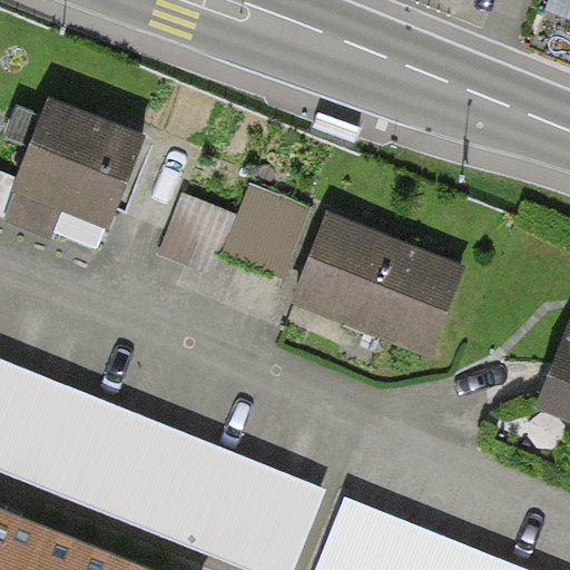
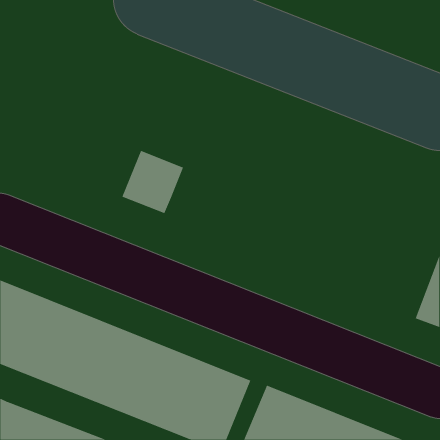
building: [4,100,147,240] -> none
building: [222,183,311,278] -> none
building: [293,214,464,356] -> none

